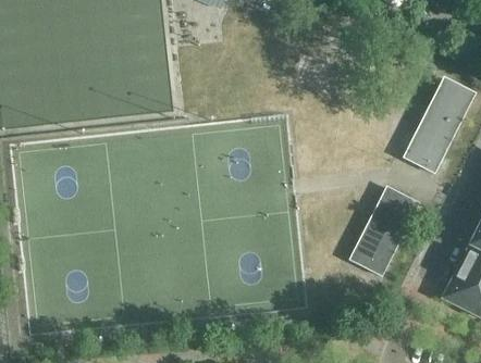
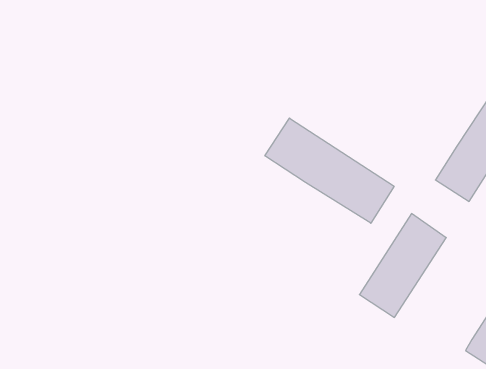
building: none -> [265,118,394,223]

